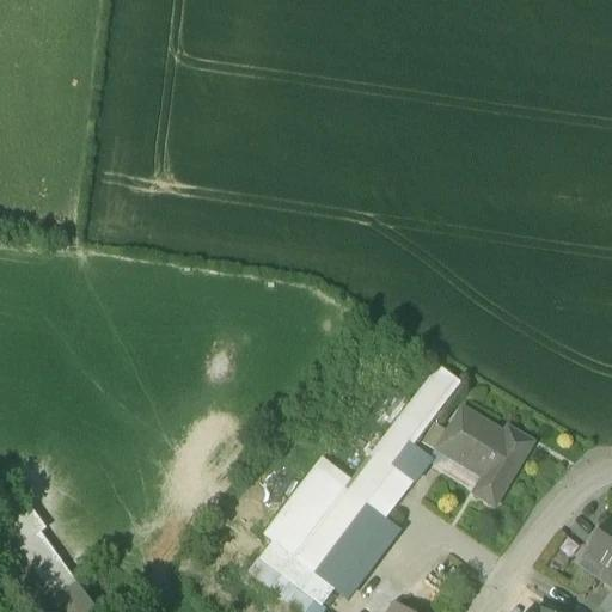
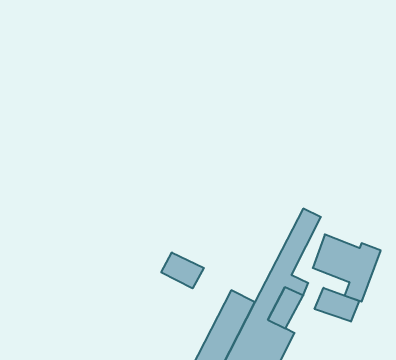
building: none -> [161,252,204,288]
building: none -> [315,288,359,322]

